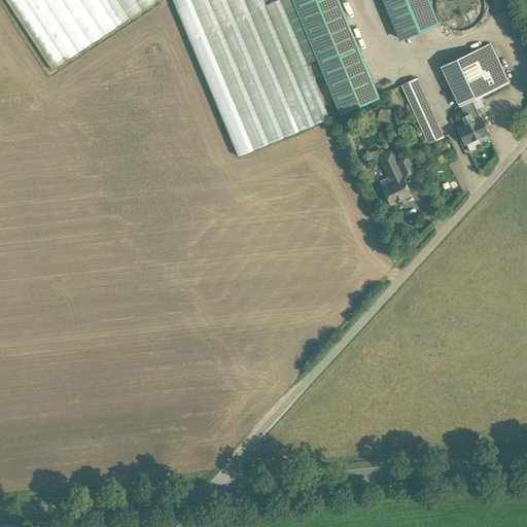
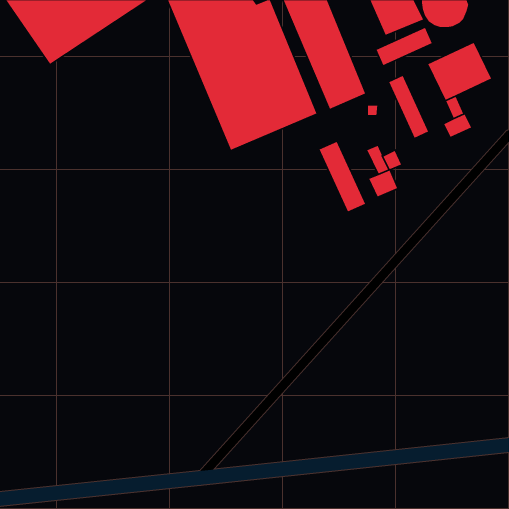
building: none -> [376,27,433,66]
building: none -> [319,141,366,212]

